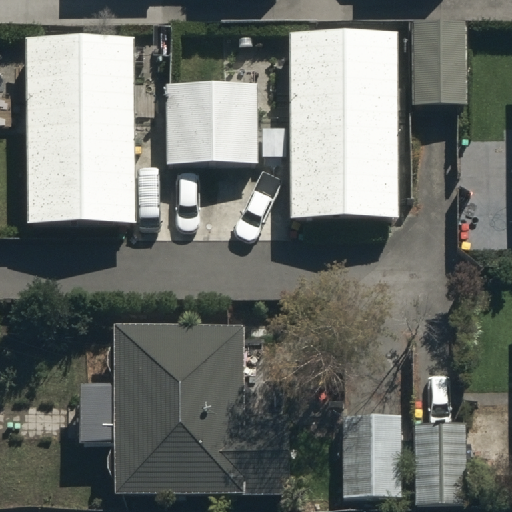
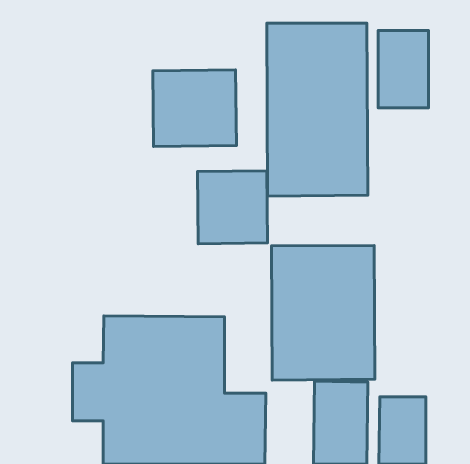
building: [26,33,135,222] -> none
building: none -> [197,171,268,244]
building: none -> [271,246,375,380]

